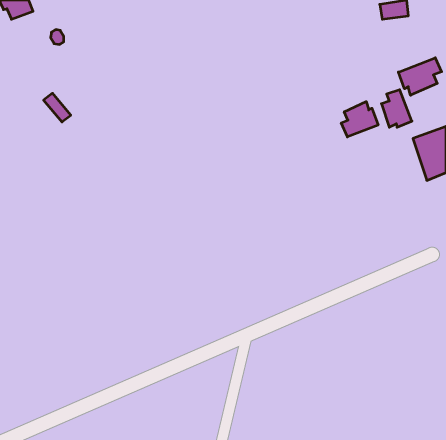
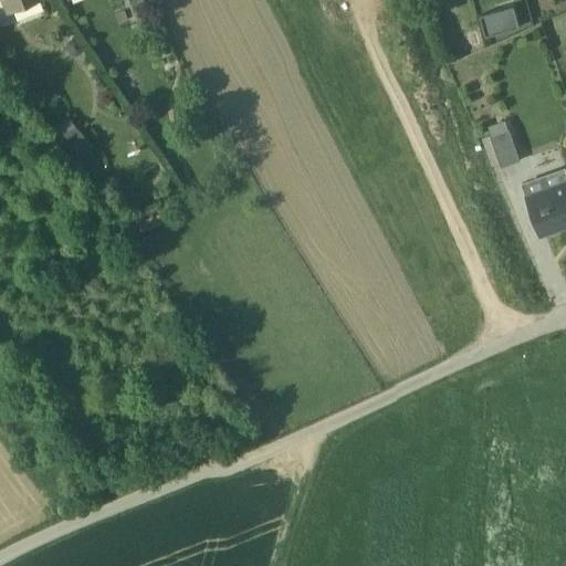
building: [398,58,442,95] -> none
building: [341,102,378,137] -> none

